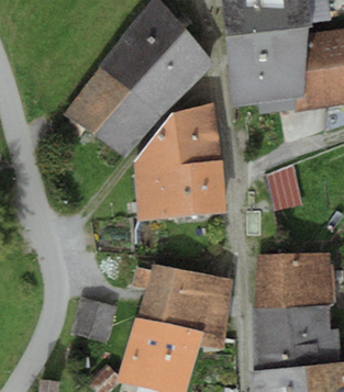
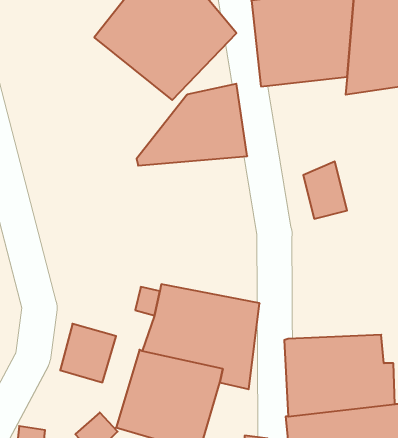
building: [62,66,162,157] -> none
building: [134,161,226,220] -> none
building: [255,251,334,309] -> none

